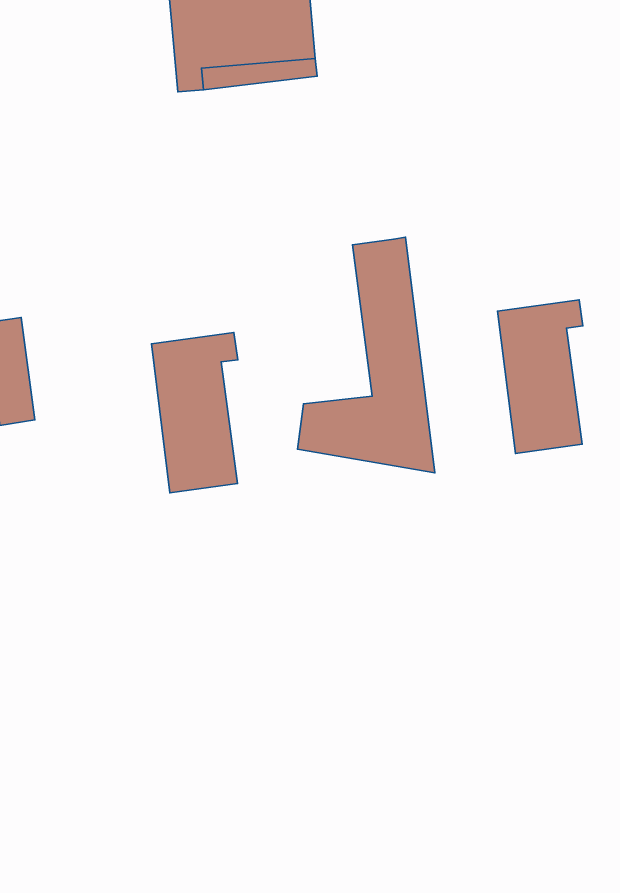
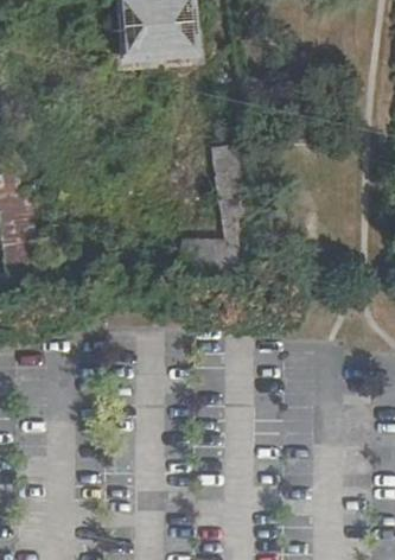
building: [498,300,583,454] -> none
building: [151,333,238,493] -> none

